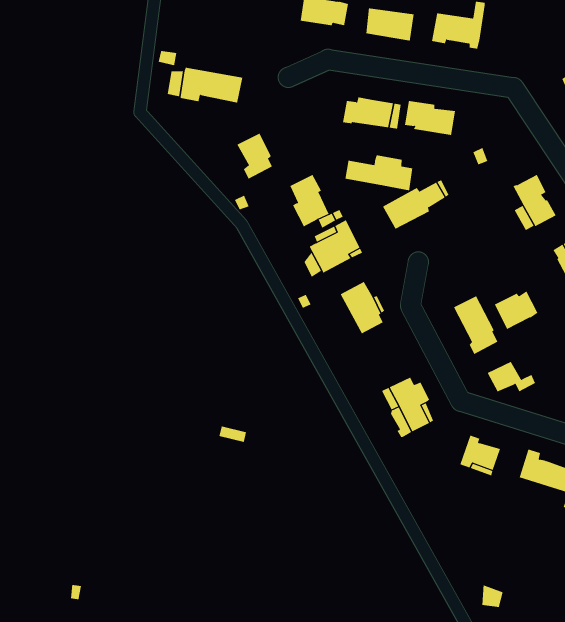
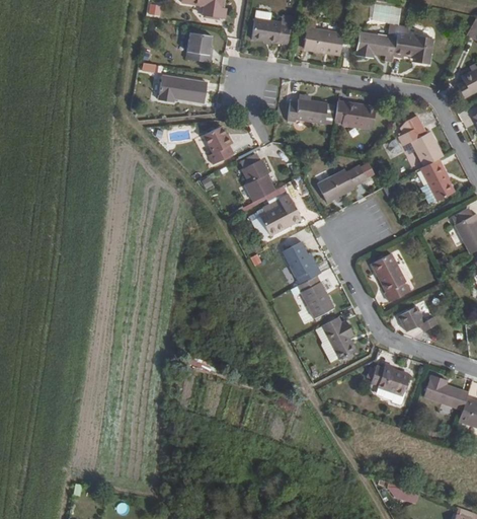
building: none -> [394,26,431,64]
building: none -> [185,31,211,63]
building: none -> [398,116,443,167]
building: [345,155,413,191] -> none
building: [494,291,538,330] -> none
building: none -> [299,276,334,318]

